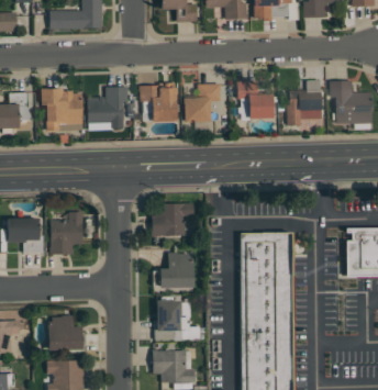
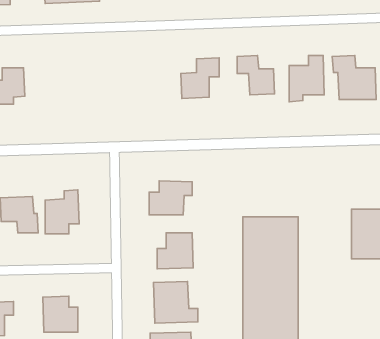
building: [140,83,177,122] -> none
building: [88,87,129,129] -> none
building: [41,88,82,130] -> none

